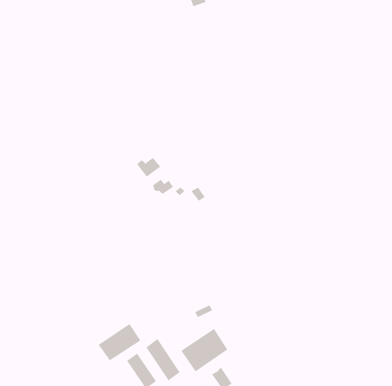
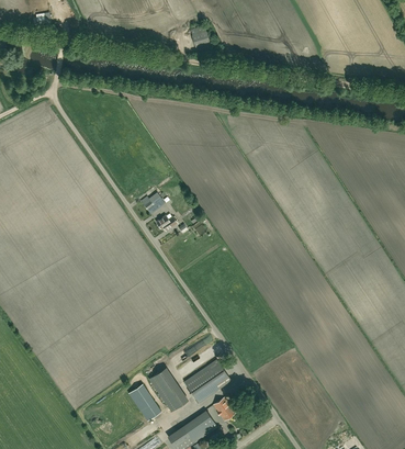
building: [98,323,141,361] -> none

